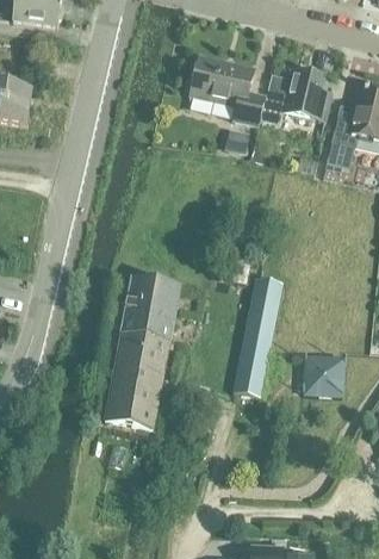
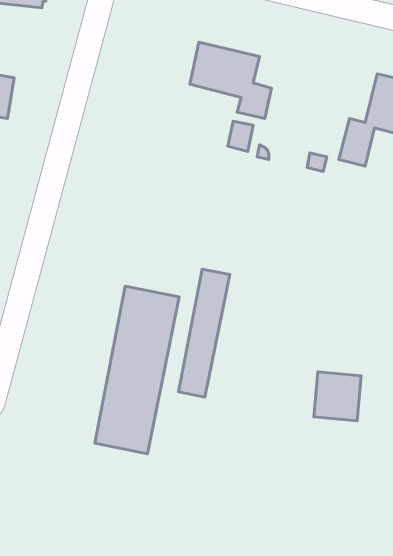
building: [260,67,331,122] -> none
building: [236,279,282,395] -> [178,269,230,397]

